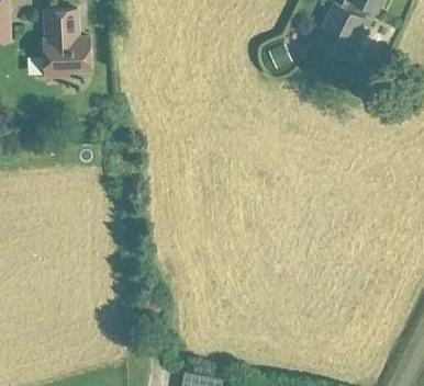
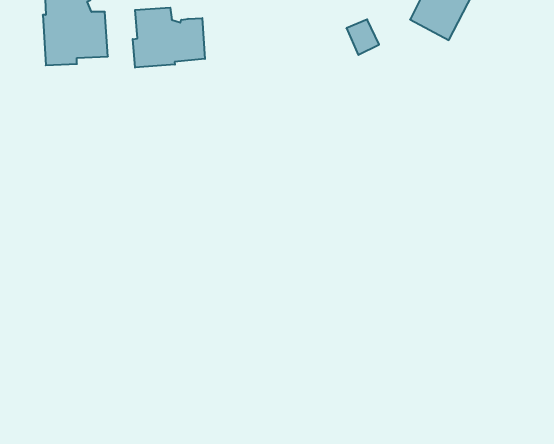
building: none -> [133,8,205,68]

